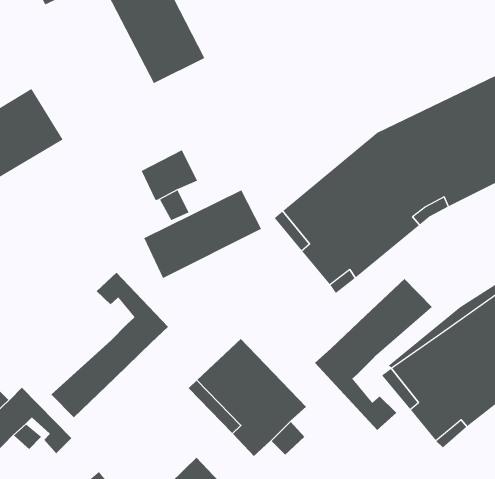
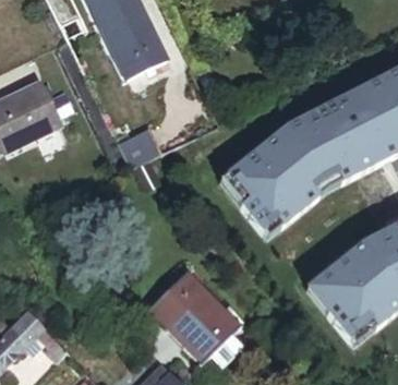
building: [143,189,262,279] -> none
building: [51,272,169,418] -> none
building: [314,278,433,431] -> none

